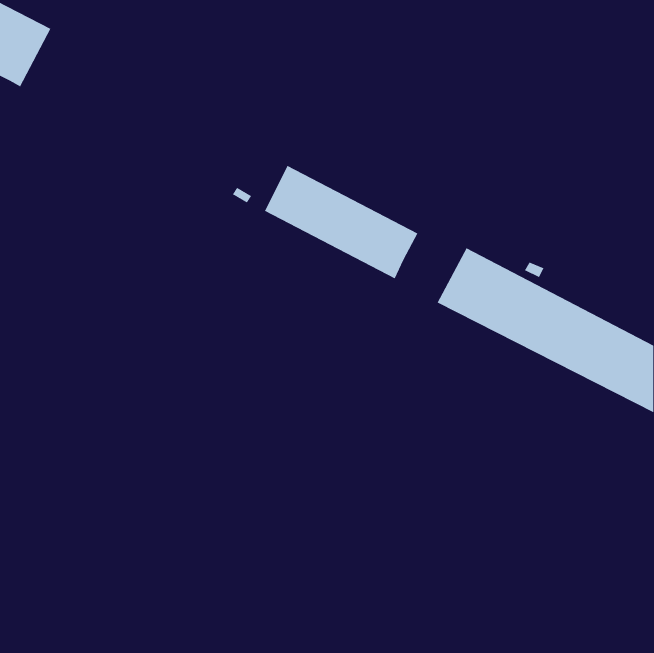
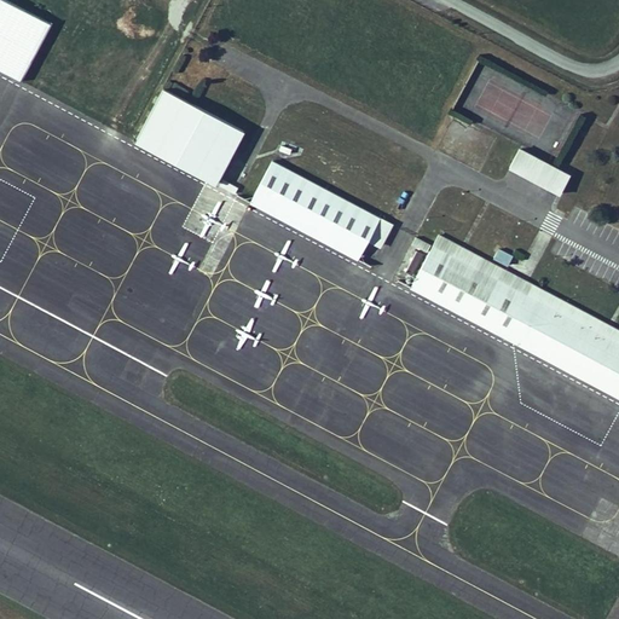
building: none -> [135,89,244,185]
building: none -> [510,149,568,192]

